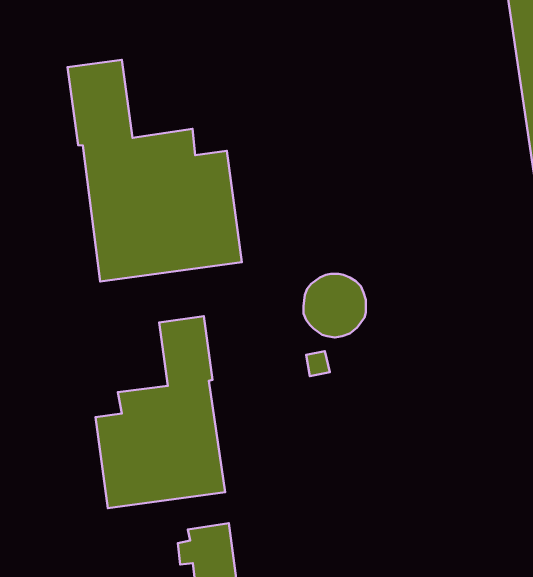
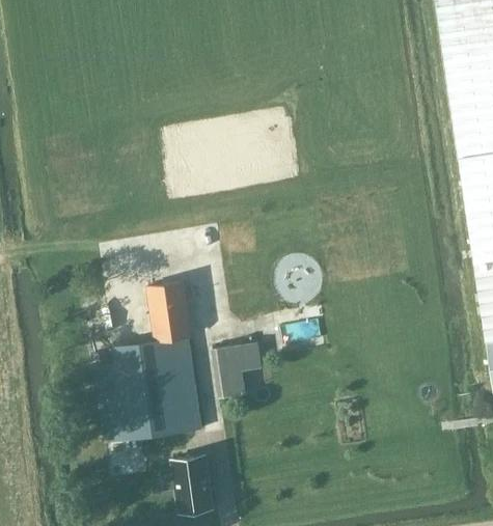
building: [67,60,242,282] -> none
building: none -> [211,342,262,399]

